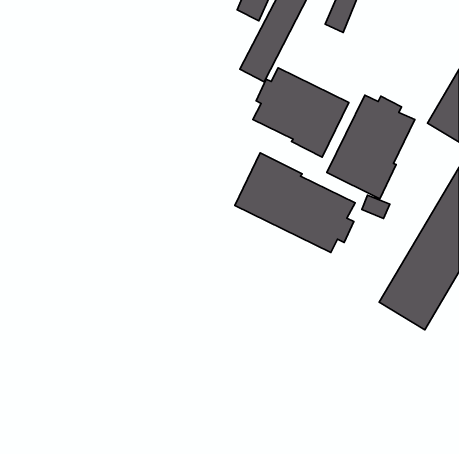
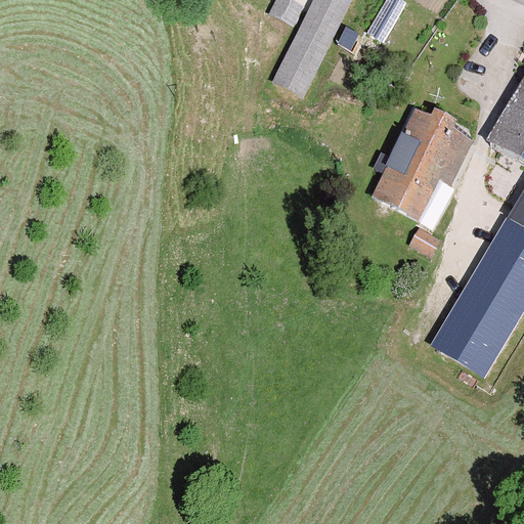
building: [253,68,349,157] -> none
building: [235,153,355,252] -> none

